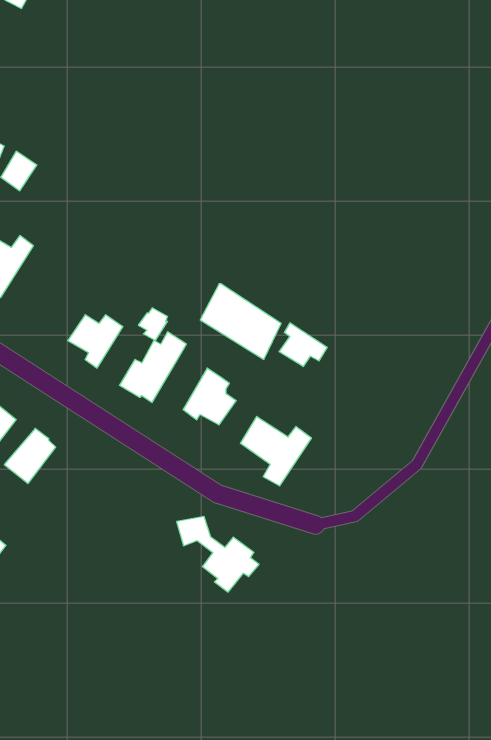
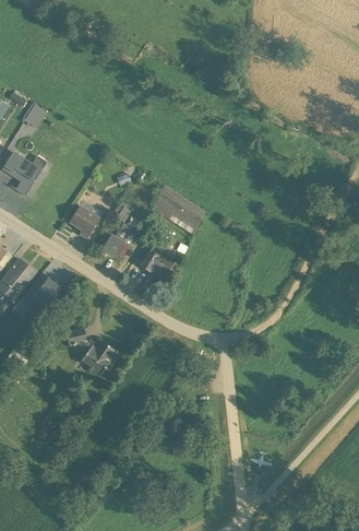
building: [279,323,327,367] -> none
building: [240,416,311,486] -> none
building: [177,516,259,592] -> [64,328,117,376]

